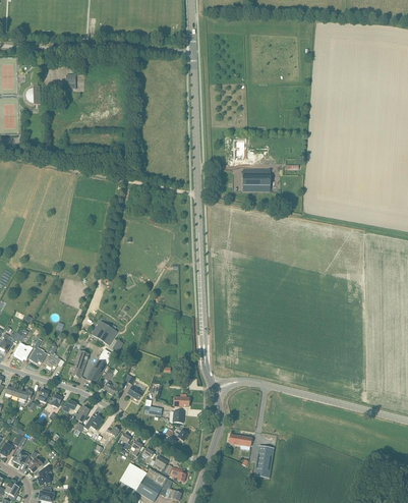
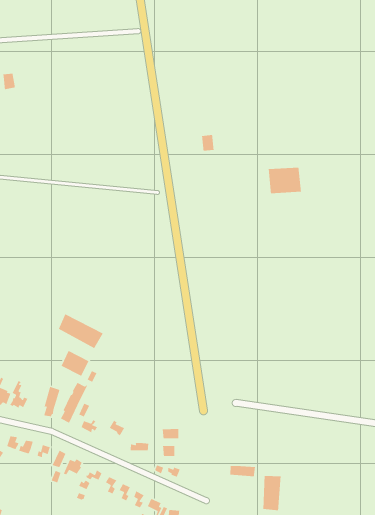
building: [242,169,270,192] -> [268,167,302,194]
building: none -> [58,313,104,349]

